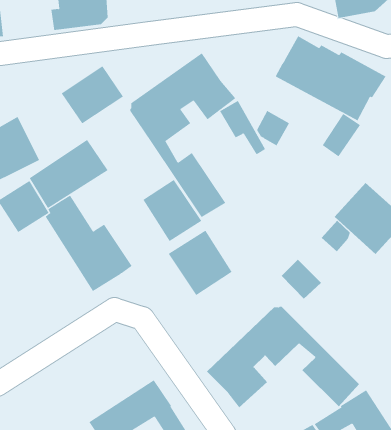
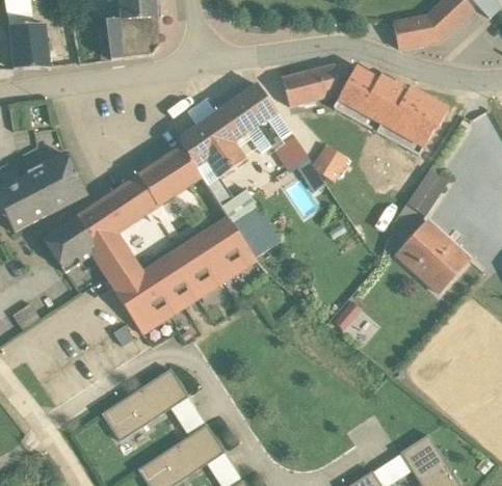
building: none -> [282,63,342,106]
building: [61,65,124,124] -> [137,144,203,206]
building: [322,113,361,157] -> [407,169,448,215]
building: [321,220,351,252] -> none
building: [168,230,233,296] -> [155,237,222,305]
building: [206,306,360,408] -> none
building: none -> [102,368,206,440]

